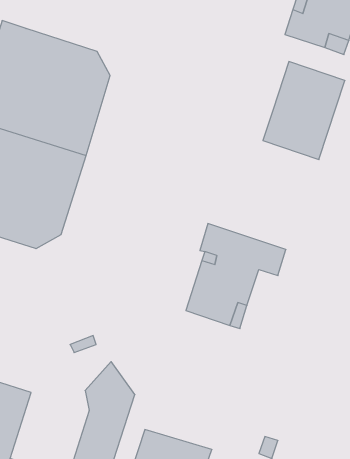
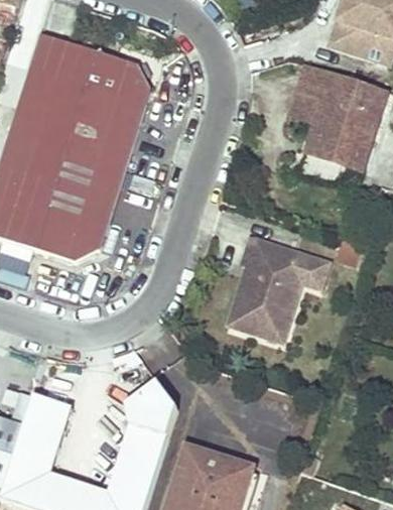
building: none -> [288,65,331,122]

